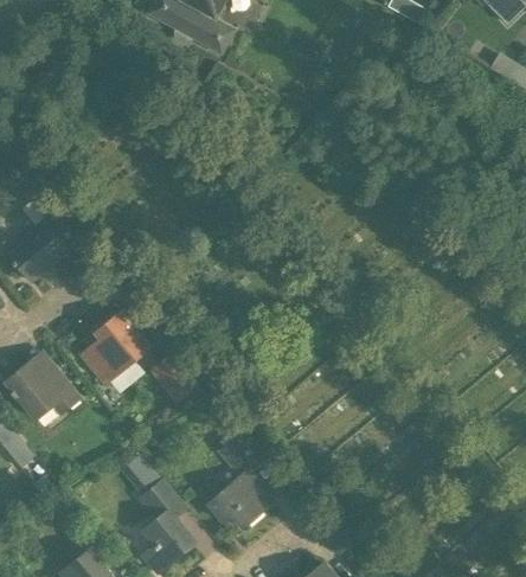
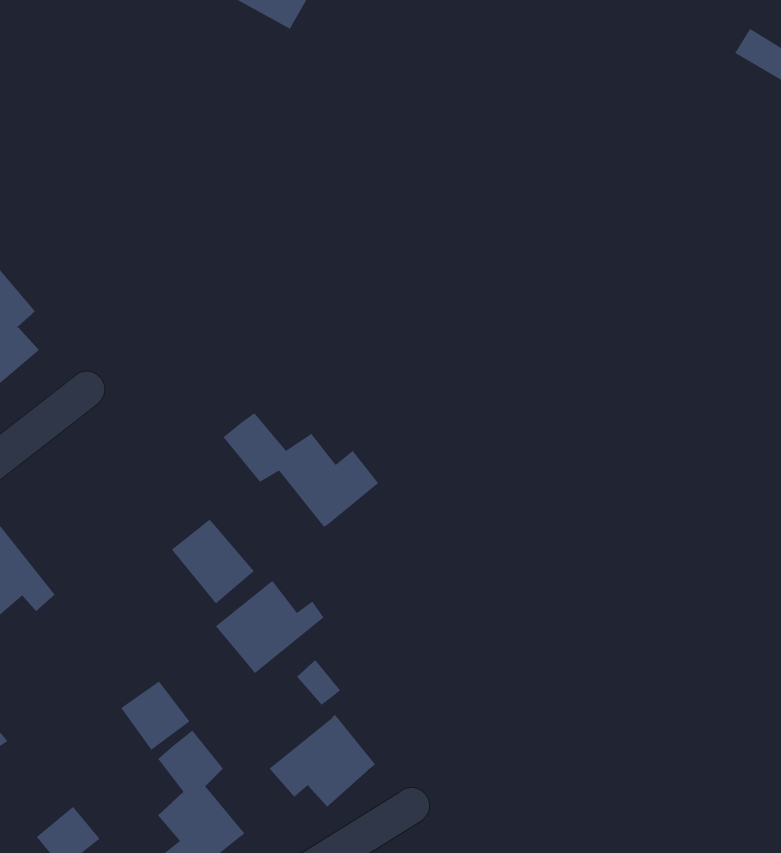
building: none -> [222,412,379,528]
building: [81,312,148,383] -> none
building: none -> [215,580,324,674]

